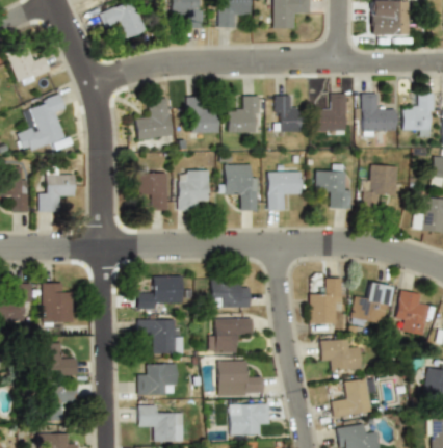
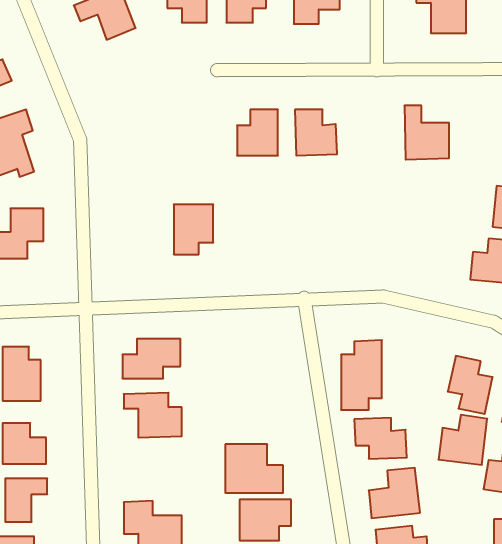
building: [401,93,433,137] -> none
building: [312,94,346,132] -> none
building: [186,97,218,138] -> none
building: [135,99,173,140] -> none
building: [224,165,258,211] -> none
building: [363,166,397,205] -> none
building: [134,169,167,211] -> none
building: [267,170,302,210] -> none
building: [315,172,353,210] -> none
building: [211,279,250,308] -> none
building: [351,283,390,322] -> [438,415,487,465]
building: [210,318,253,352] -> none
building: [138,364,178,395] -> none

